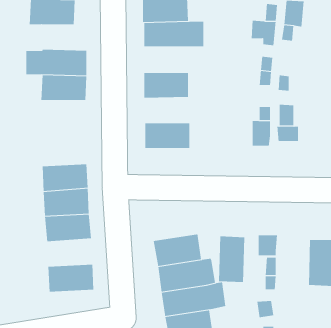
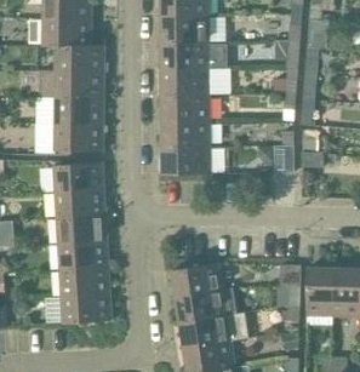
building: none -> [56,45,103,71]
building: none -> [161,68,208,95]
building: none -> [161,120,210,147]
building: none -> [55,124,102,150]
building: none -> [53,161,103,191]
building: [218,236,245,283] -> [305,267,333,315]
building: none -> [61,267,109,296]

